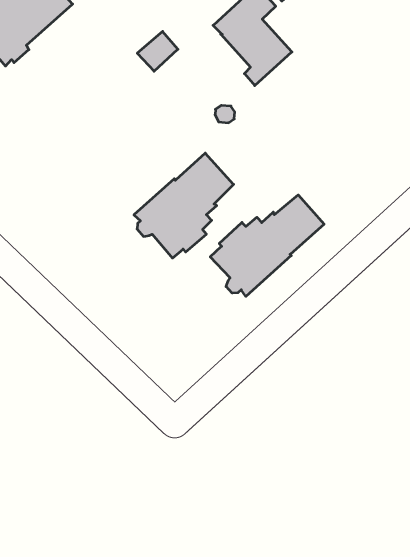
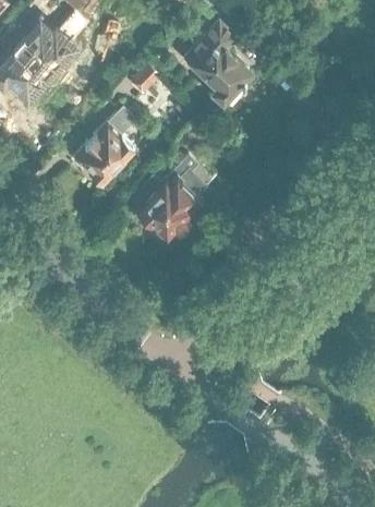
building: none -> [73,108,134,184]
building: [210,195,324,296] -> none

